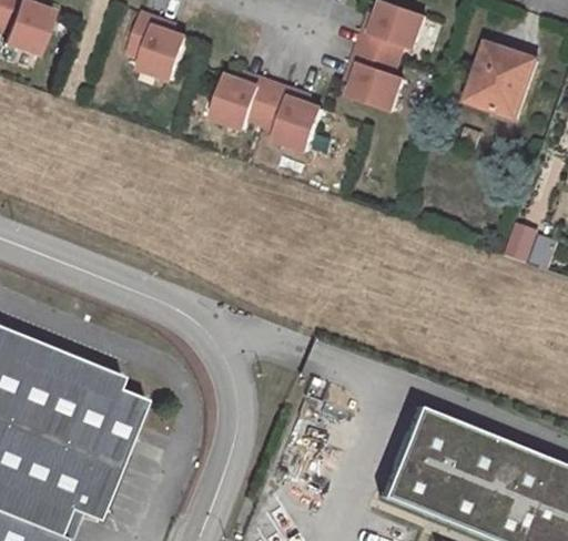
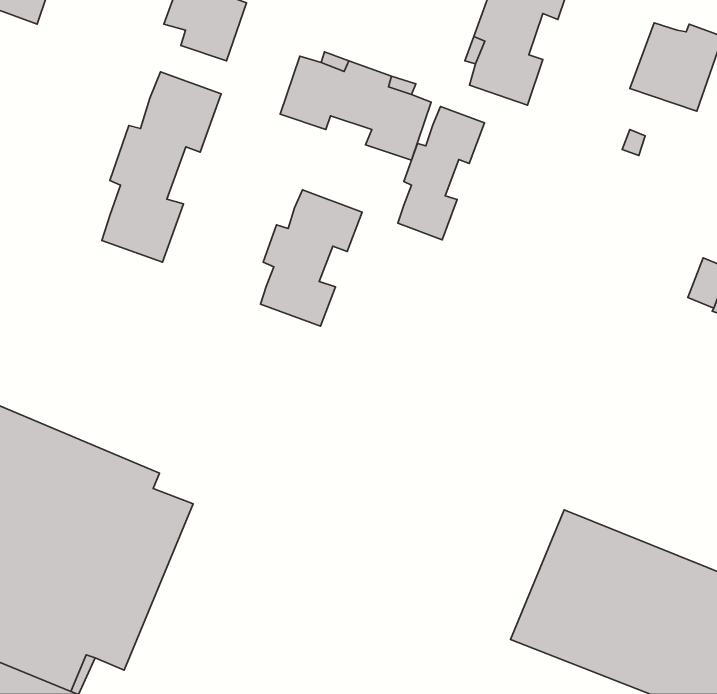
building: none -> [102,72,221,262]
building: none -> [398,106,485,240]
building: none -> [260,190,362,326]

